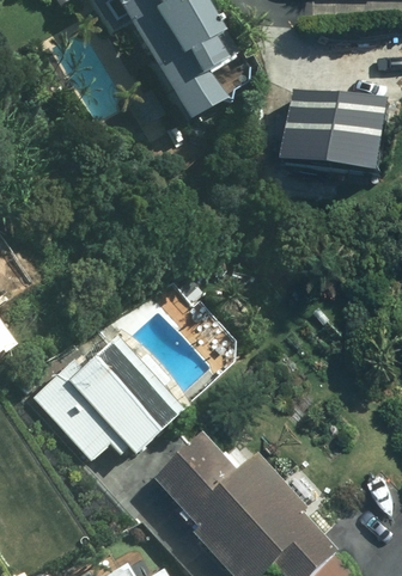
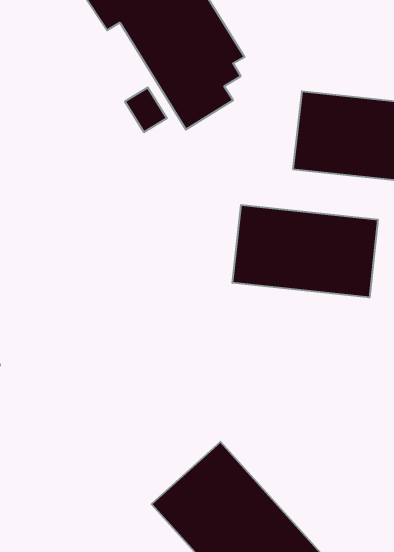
building: none -> [232,205,378,298]
building: [42,338,170,465] -> none

